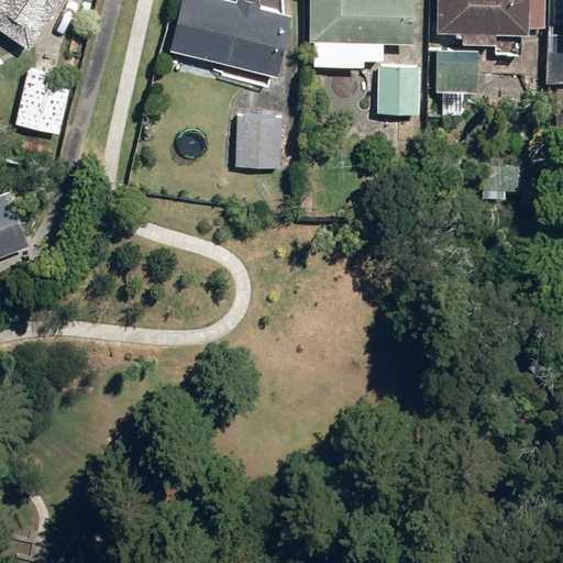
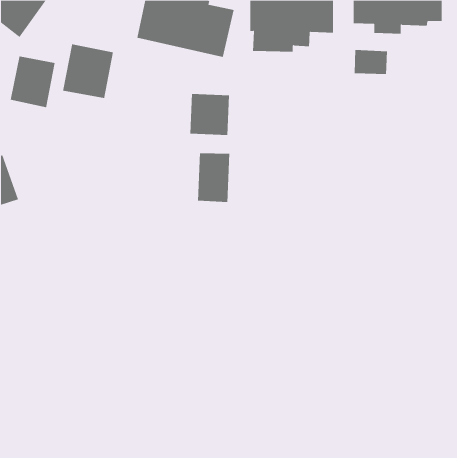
building: none -> [62,43,114,99]
building: [377,65,420,113] -> none
building: none -> [197,153,230,203]

